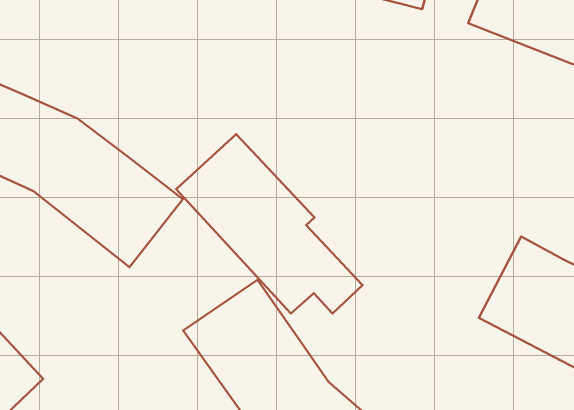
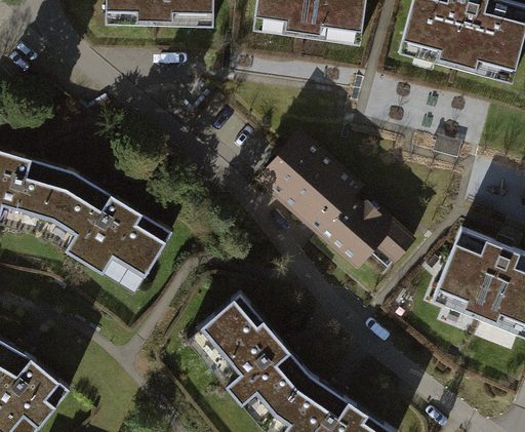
building: [176,134,362,313] -> [252,126,418,272]

